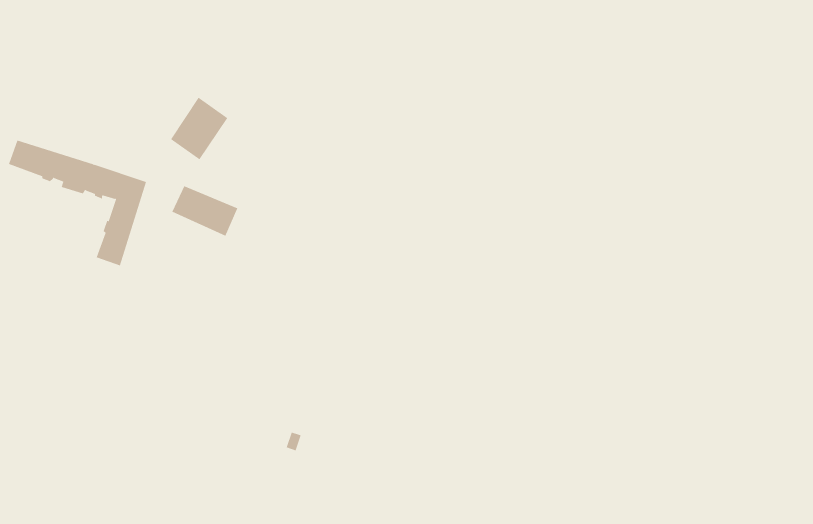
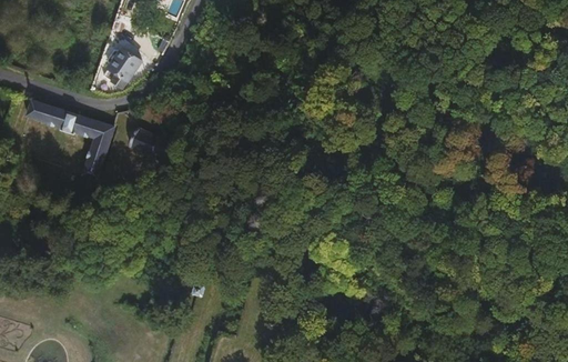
building: [170,97,228,160] -> [104,48,141,88]

